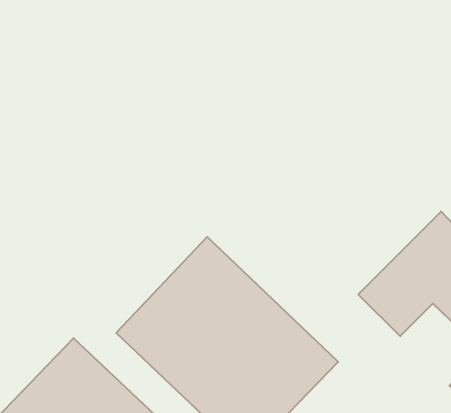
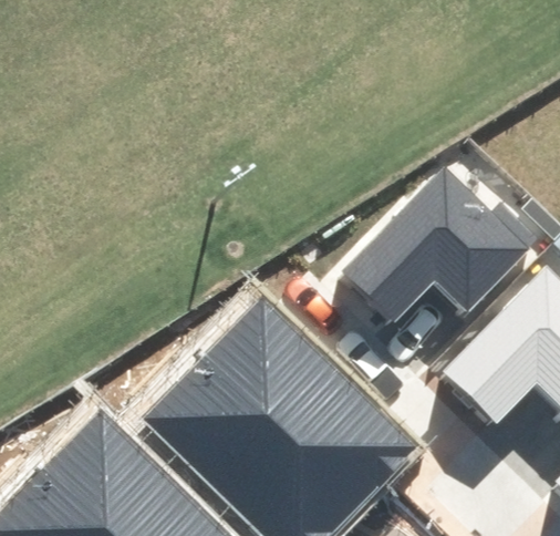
building: none -> [339,171,539,321]

